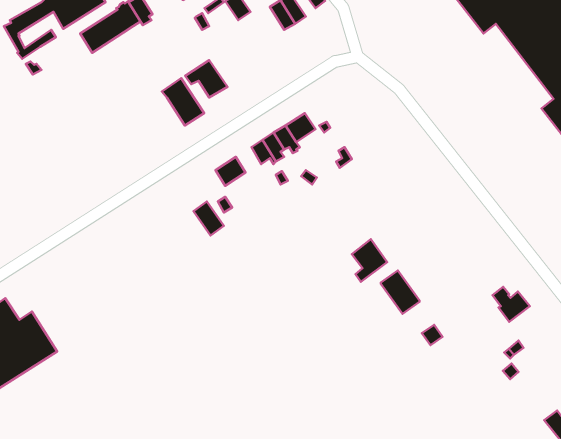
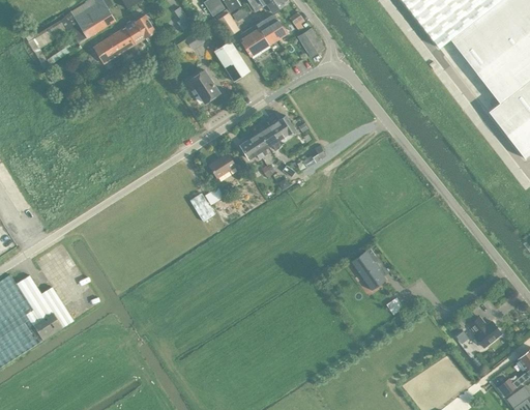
building: none -> [240,25,268,56]
building: none -> [297,28,324,57]
building: [162,78,204,125] -> [214,41,251,82]
building: [352,239,387,282] -> none
building: [492,287,530,322] -> [469,317,501,347]

